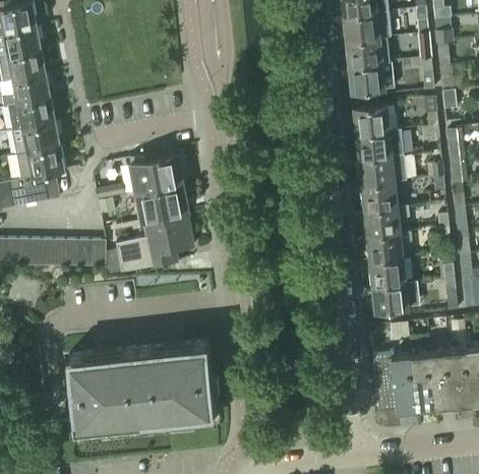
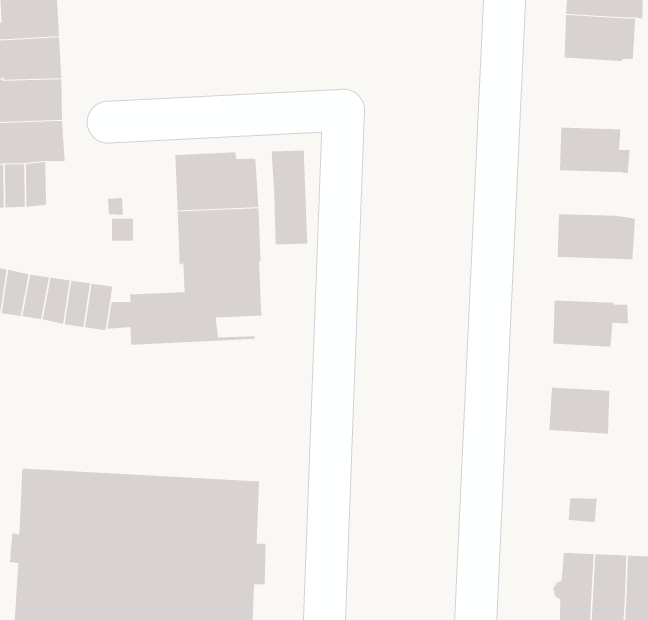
building: [348,62,394,93] -> none
building: [355,128,404,159] -> none
building: none -> [271,150,308,245]
building: [361,180,399,210] -> none
building: [366,231,411,260] -> none
building: [371,283,409,311] -> none

